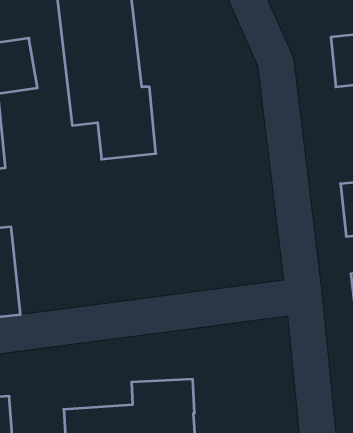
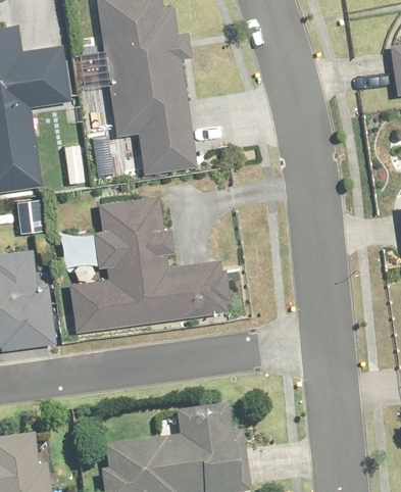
building: none -> [51,200,213,336]

